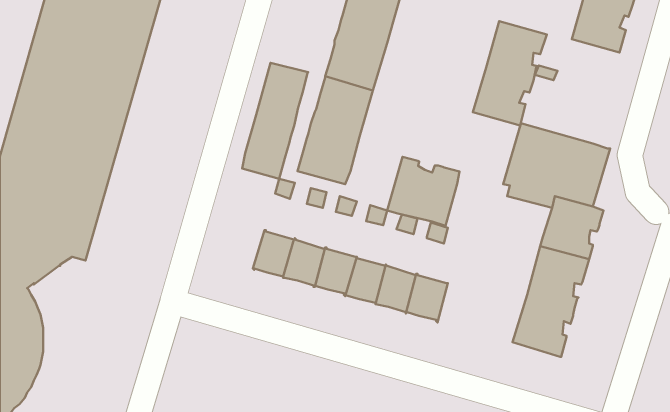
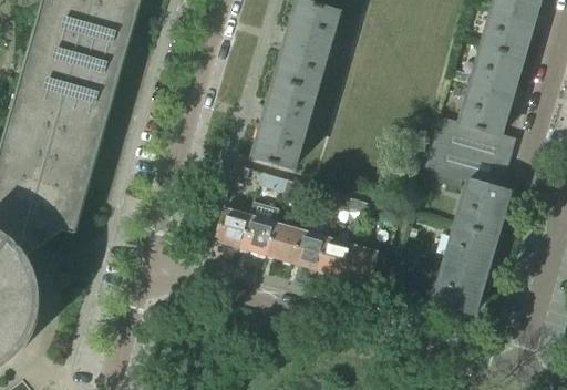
building: [473,21,547,125] -> [461,45,523,133]
building: [242,63,308,179] -> none
building: [387,157,459,226] -> none

